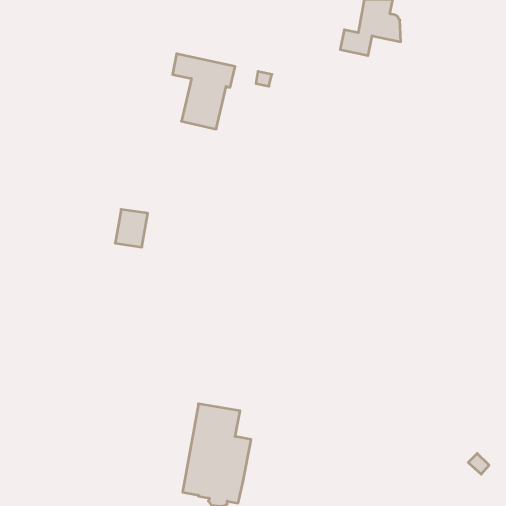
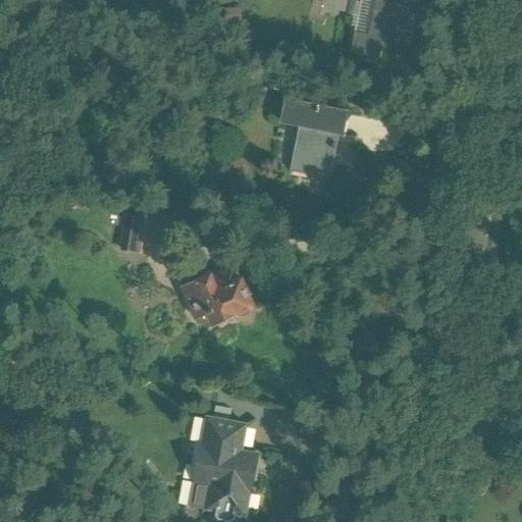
building: [173,54,235,129] -> [281,99,346,176]
building: none -> [182,265,252,323]

